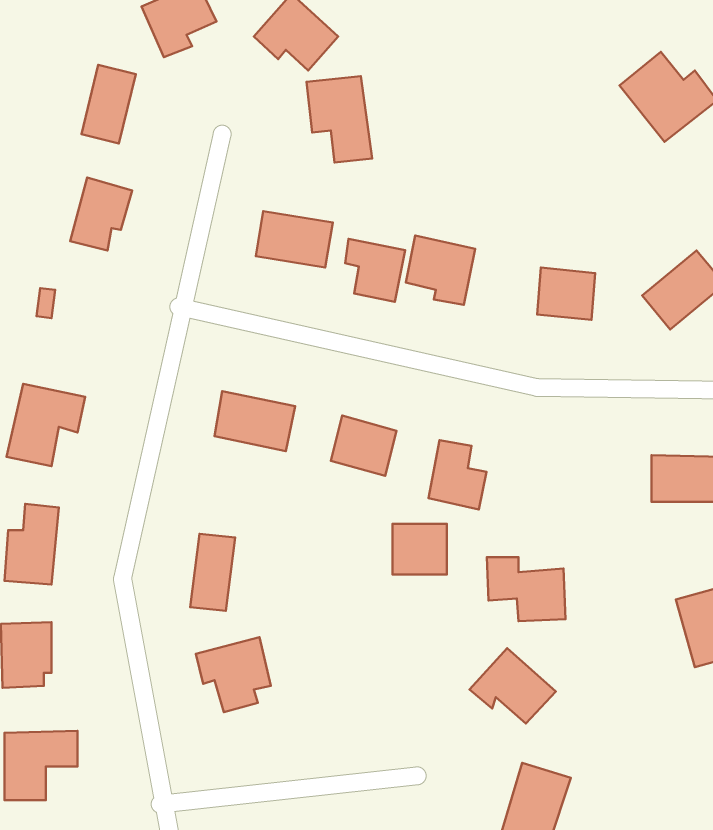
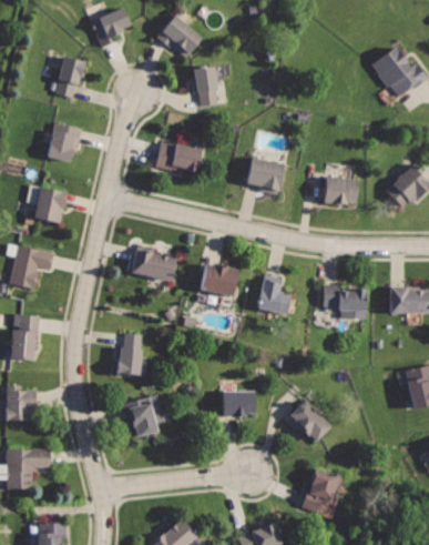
building: [345,239,405,302] -> none
building: none -> [34,183,69,225]
building: [392,524,447,574] -> [224,388,256,418]
building: [487,557,566,621] -> [321,282,368,320]

